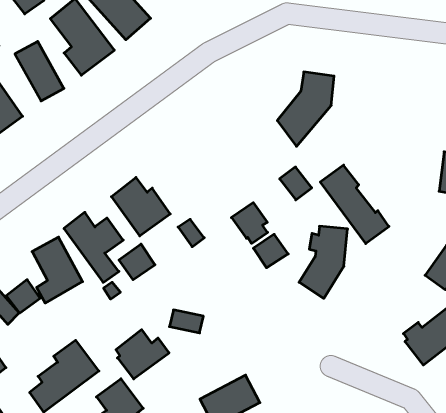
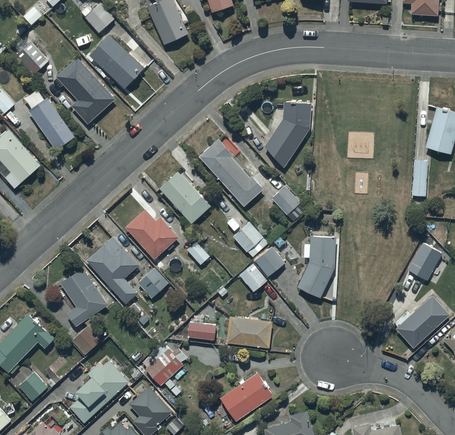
building: none -> [159,172,210,224]
building: [320,165,389,244] -> [199,139,263,206]
building: none -> [238,263,267,292]
building: [6,280,40,313] -> [71,325,101,355]
building: none -> [226,316,272,348]

